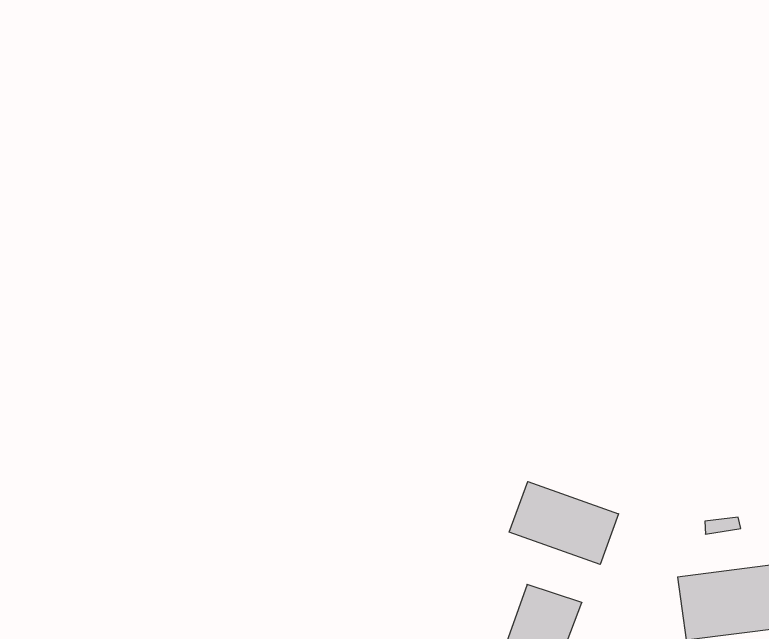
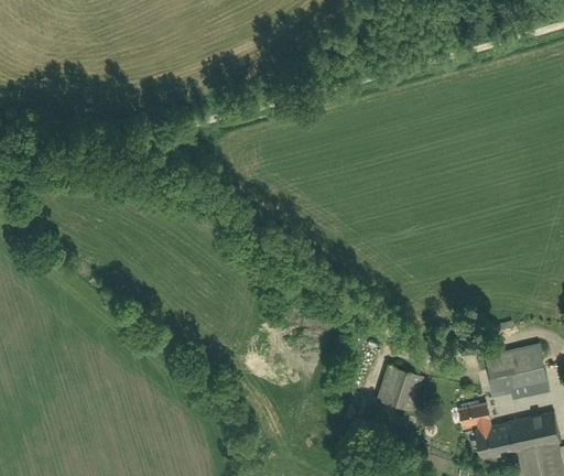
building: [509,482,619,564] -> none

